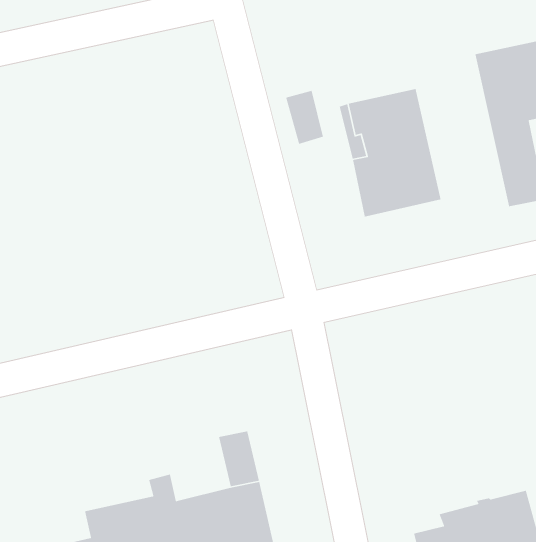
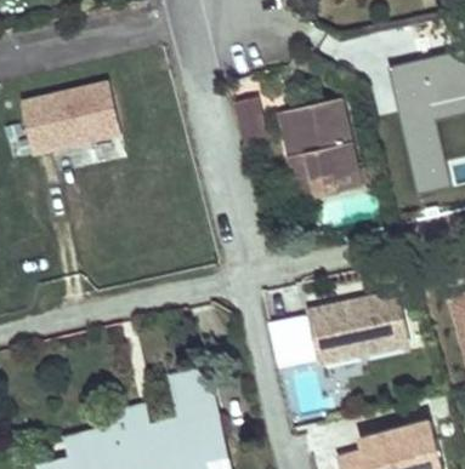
building: none -> [17,81,121,154]
building: none -> [268,291,407,367]

